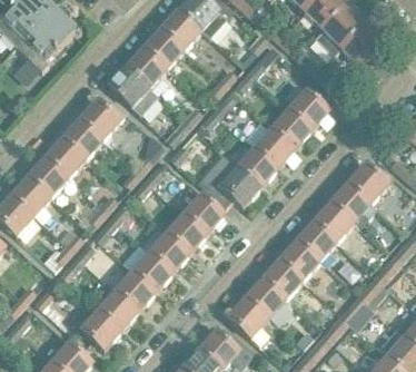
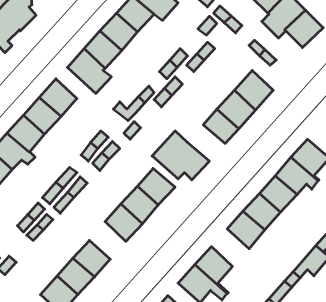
building: [237,147,277,186] -> none
building: [132,251,171,291] -> none
building: [263,258,303,298] -> none

